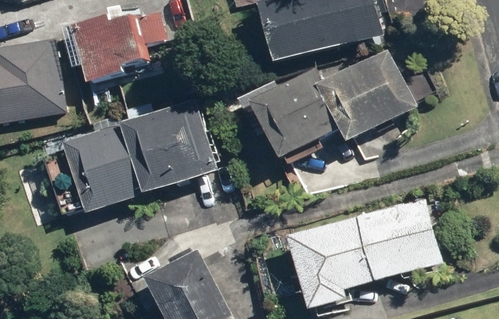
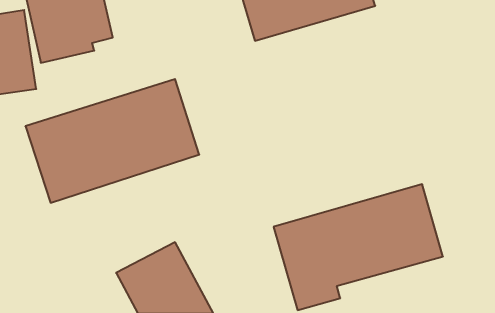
building: [248,46,416,161] -> none

